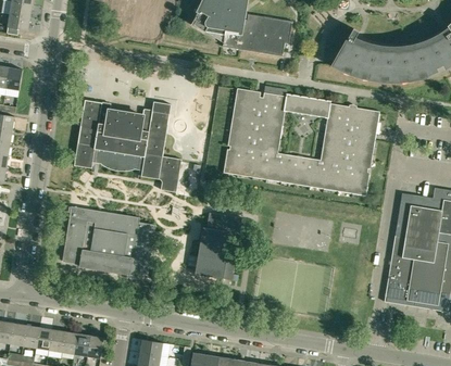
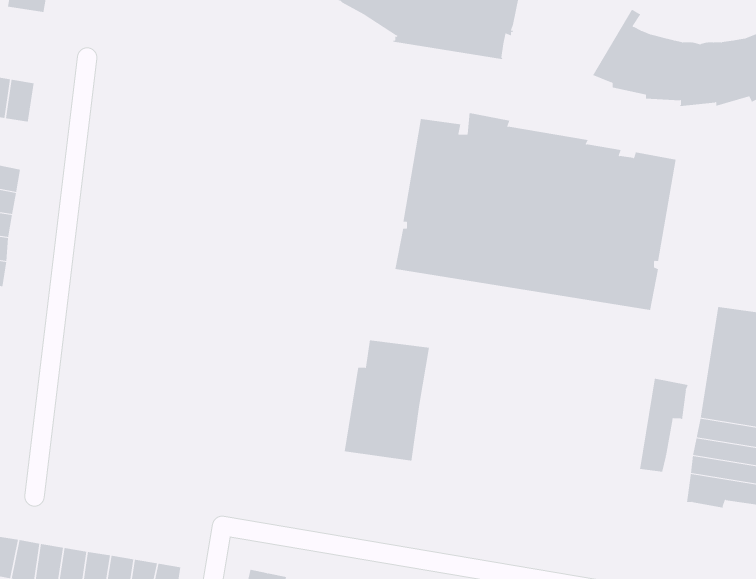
building: [73,100,180,192] -> none
building: [61,210,154,275] -> none
building: none -> [639,378,688,472]

